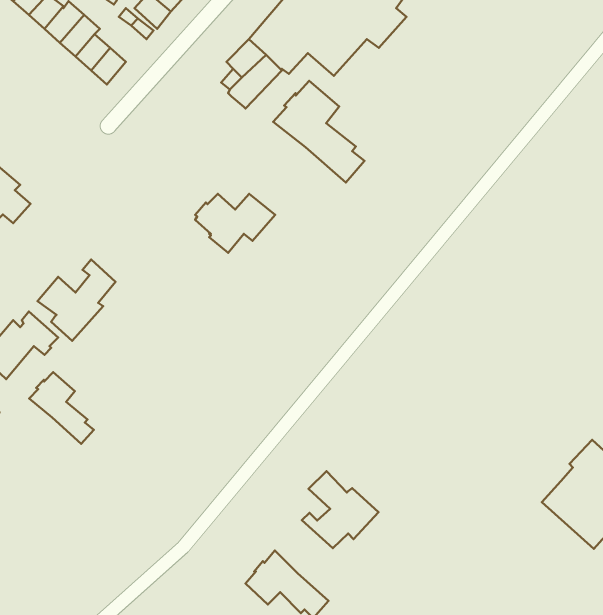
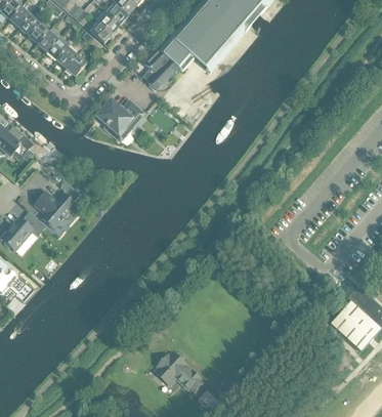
building: [273,81,365,183] -> none
building: [195,194,275,253] -> [97,100,144,135]
building: [29,372,94,444] -> none
building: [302,471,378,548] -> none

